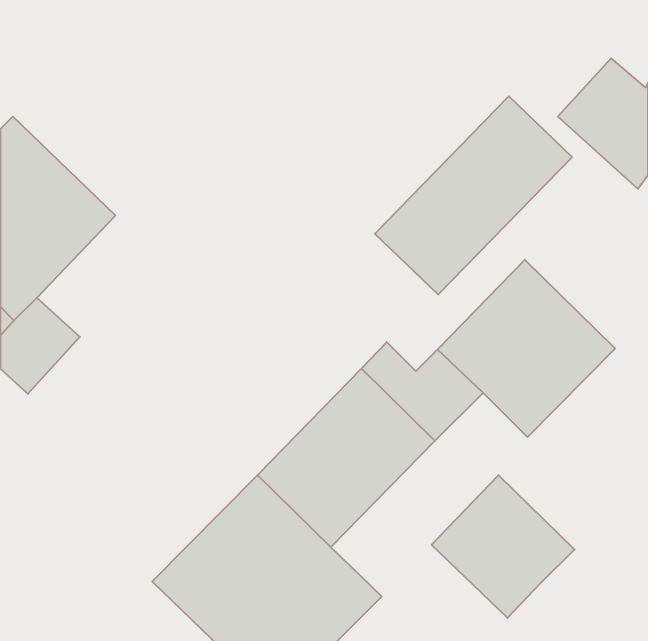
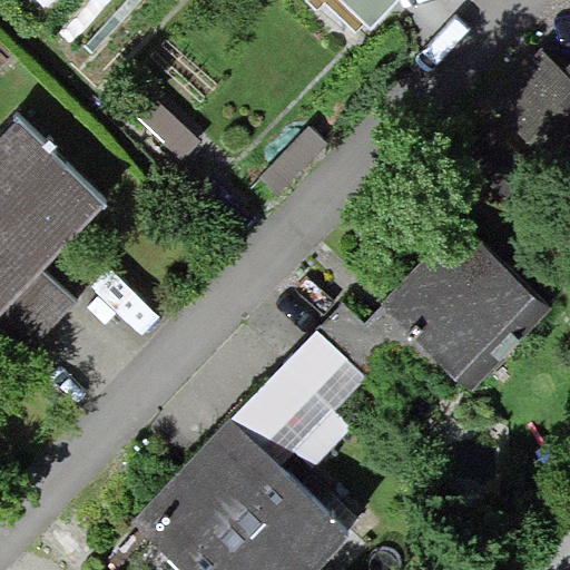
building: [375,96,572,295] -> none
building: [432,475,575,618] -> none

